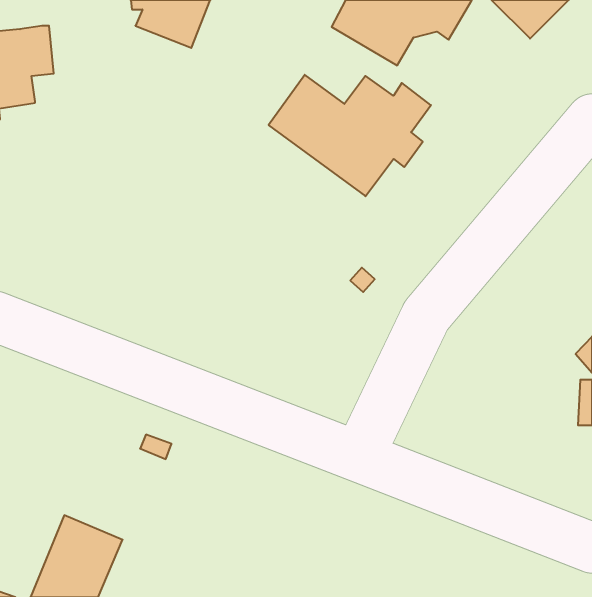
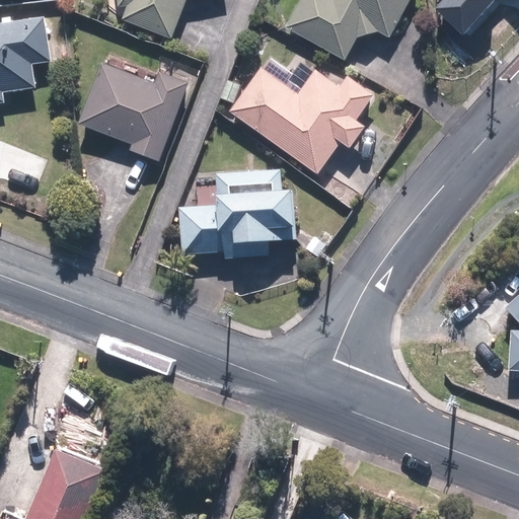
building: none -> [81,59,190,157]
building: none -> [176,174,291,262]

